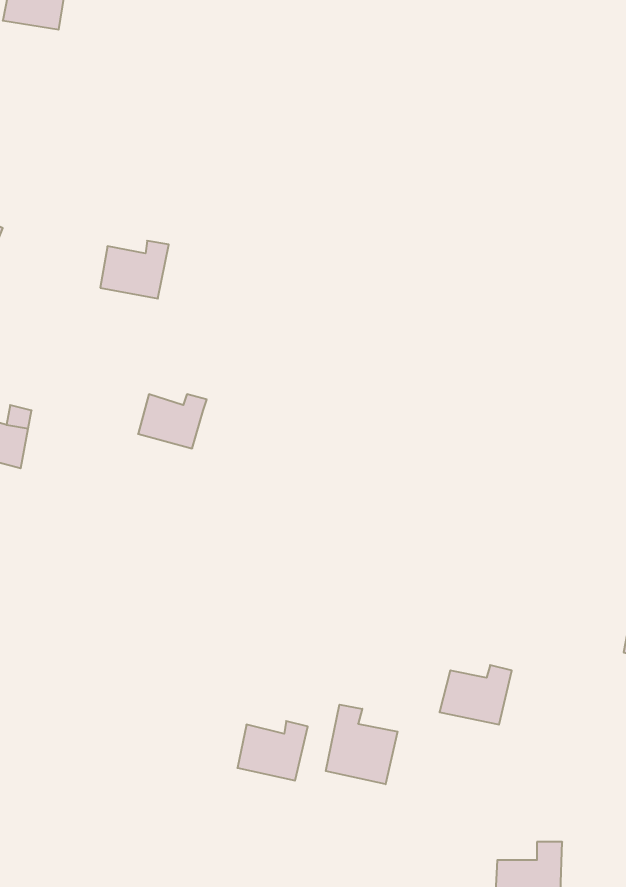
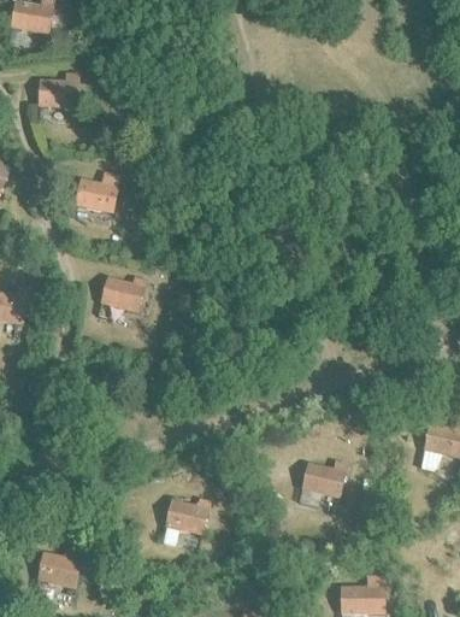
building: none -> [40,72,82,110]
building: [326,705,398,784] -> none
building: none -> [39,547,83,588]

